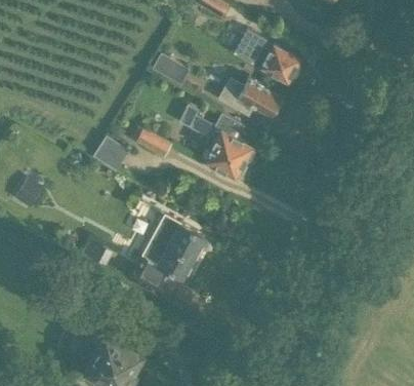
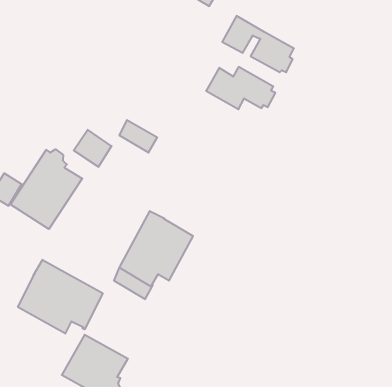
building: [152,53,190,85] -> none
building: [190,114,255,179] -> none
building: none -> [11,149,82,229]
building: none -> [18,260,103,334]

